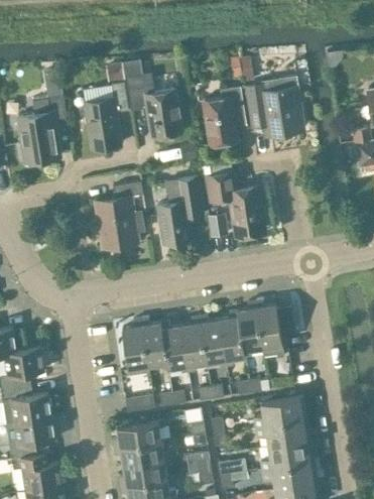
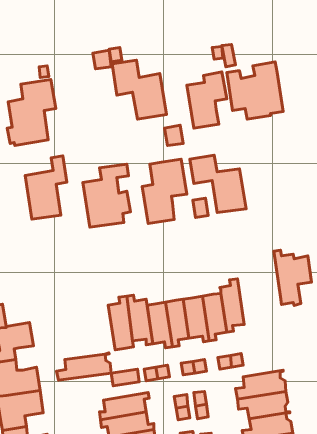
building: [84,84,127,149] -> [25,156,67,219]
building: [255,300,294,358] -> [274,250,312,306]
building: none -> [57,353,111,380]

